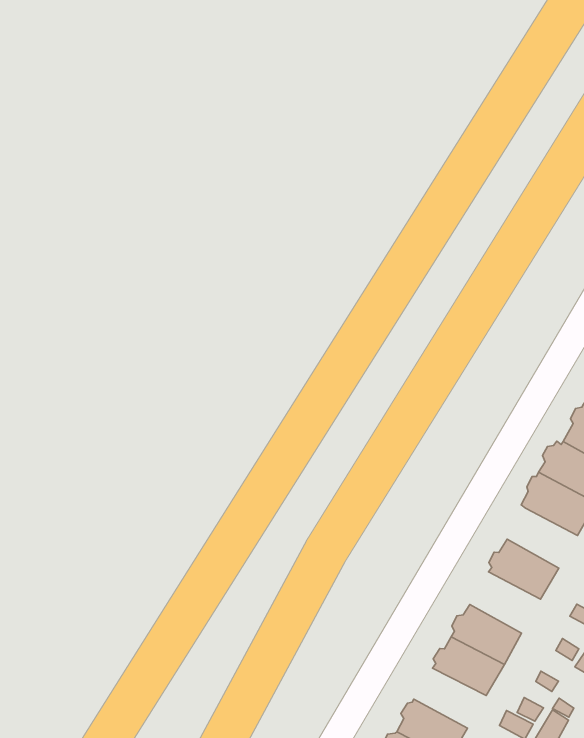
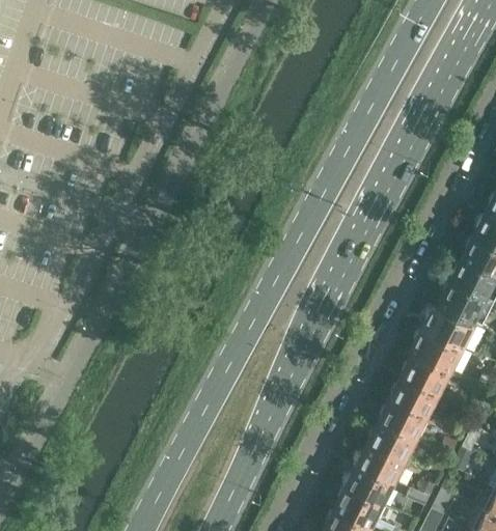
building: none -> [404,354,452,393]
building: none -> [381,398,430,439]
building: none -> [348,466,396,505]

